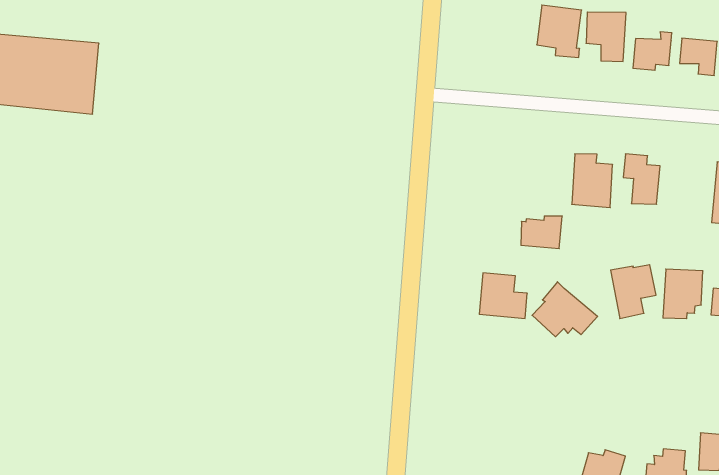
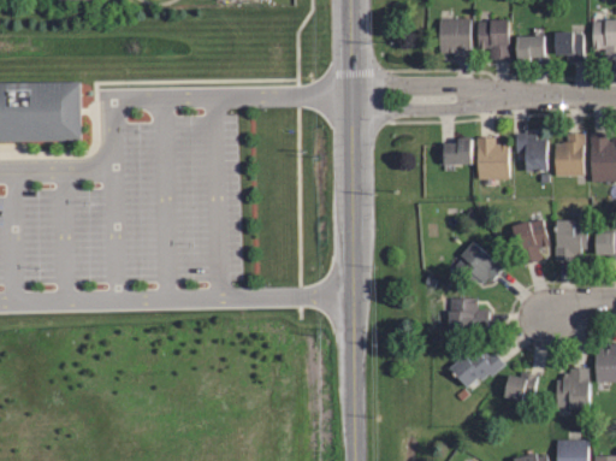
building: none -> [555,132,582,175]
building: [521,216,562,249] -> [438,138,470,165]
building: [479,273,527,318] -> [450,299,487,332]
building: none -> [452,348,508,388]

